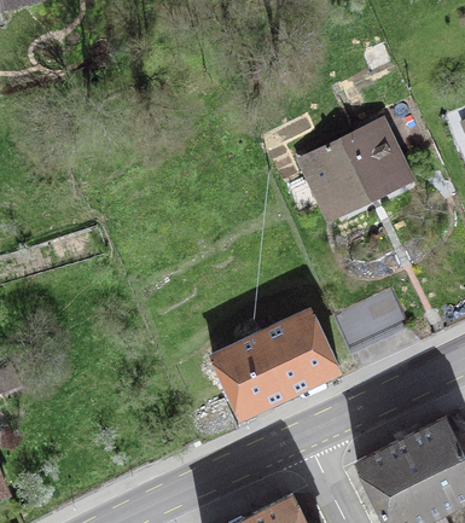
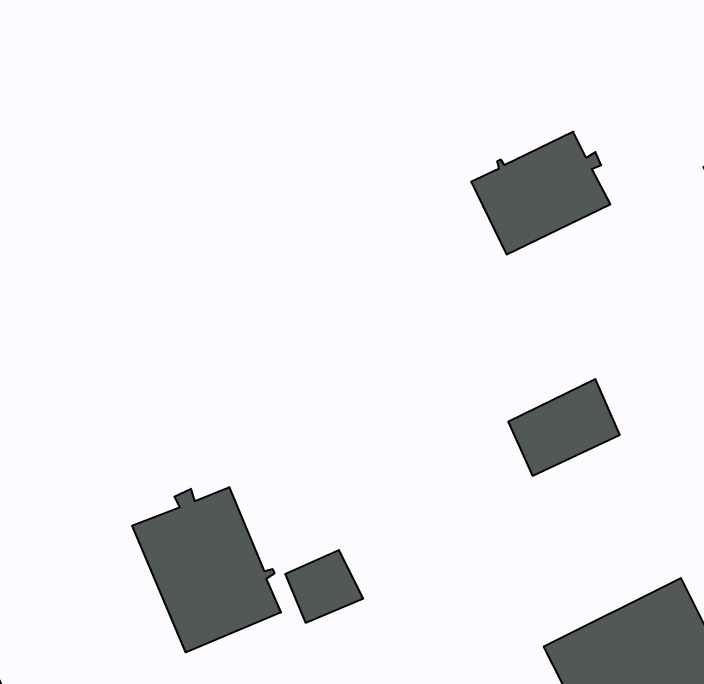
building: [211,308,338,414] -> none
building: none -> [132,487,281,652]

